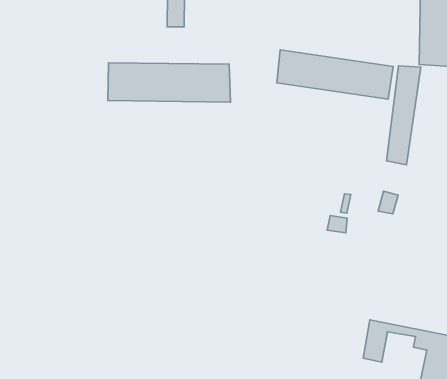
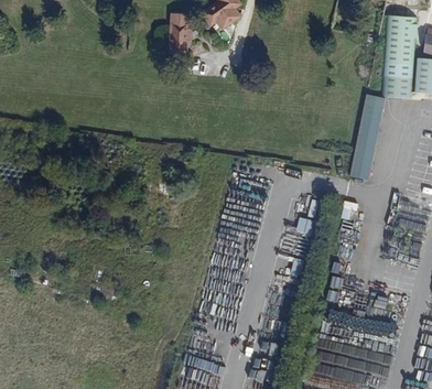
building: [277,50,393,99] -> none
building: [108,63,230,102] -> none

